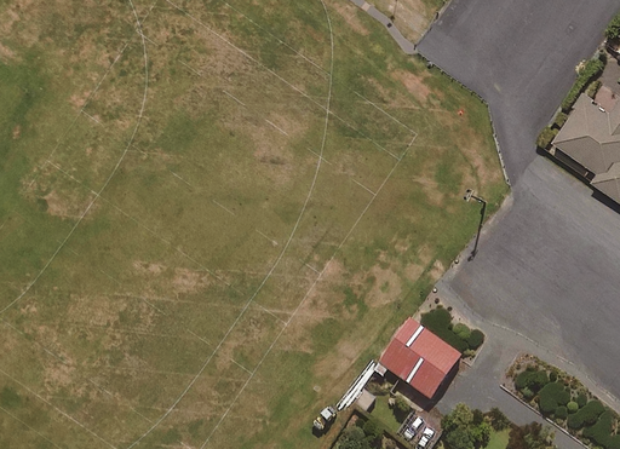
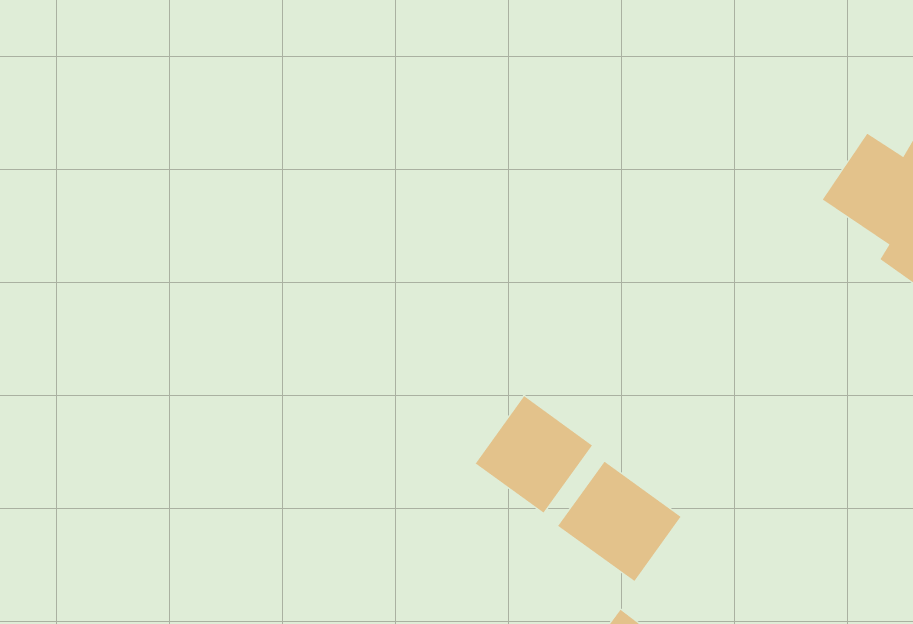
building: none -> [475,395,593,514]

